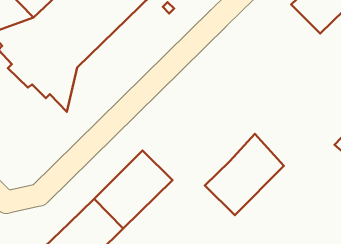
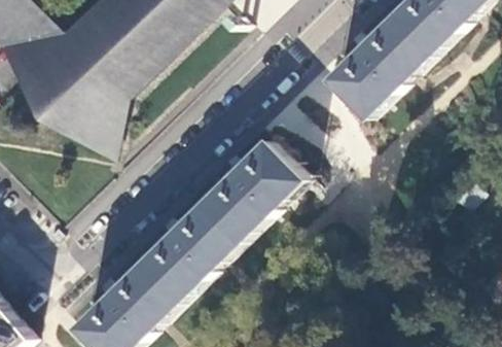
building: none -> [328,18,428,117]
building: [205,134,284,215] -> [202,138,302,242]

